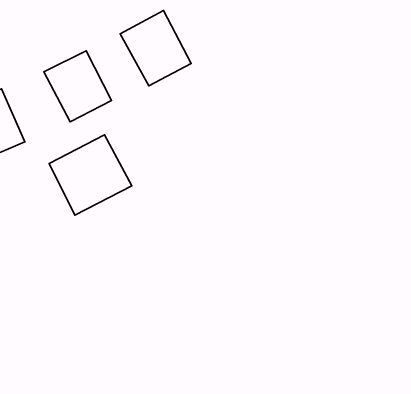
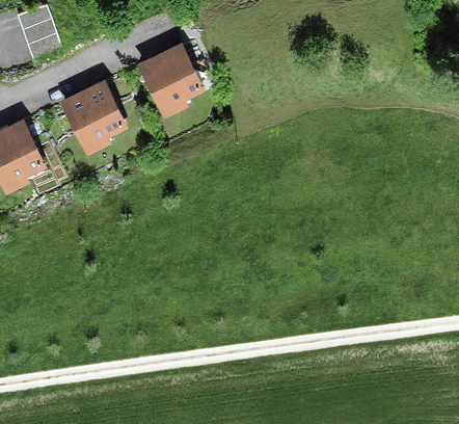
building: [49,135,132,215] -> none

